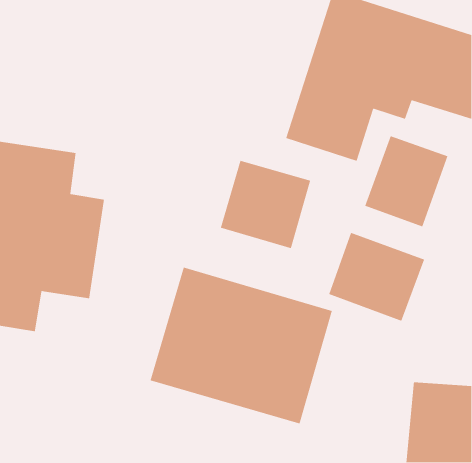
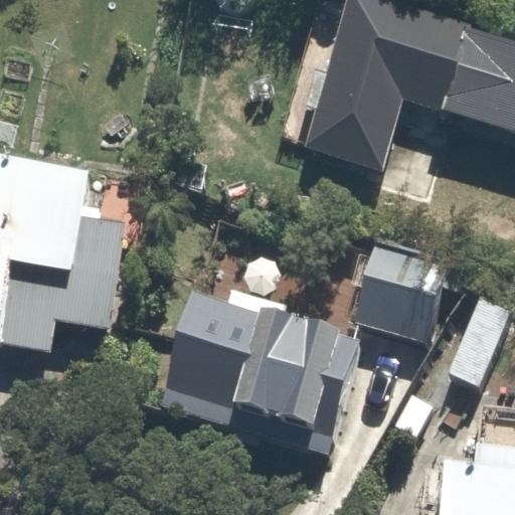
building: [364,135,448,227] -> none
building: [220,160,311,249] -> none

